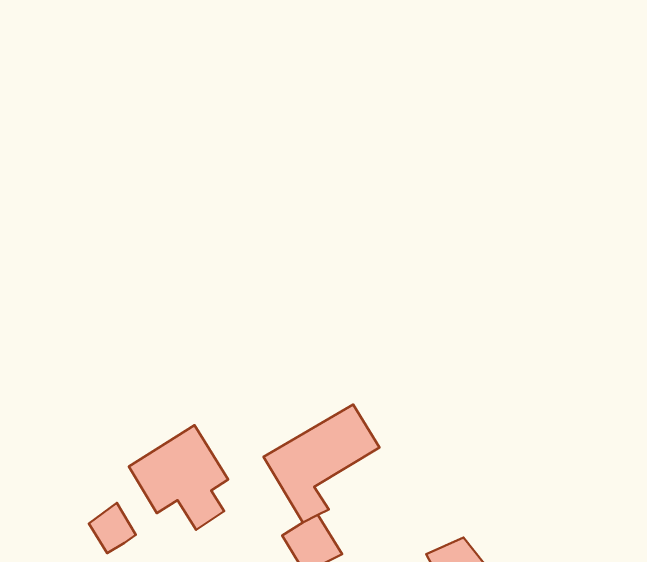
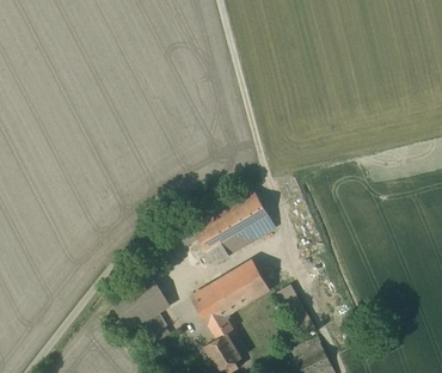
building: none -> [189,188,274,265]
building: [89,503,136,553] -> none

